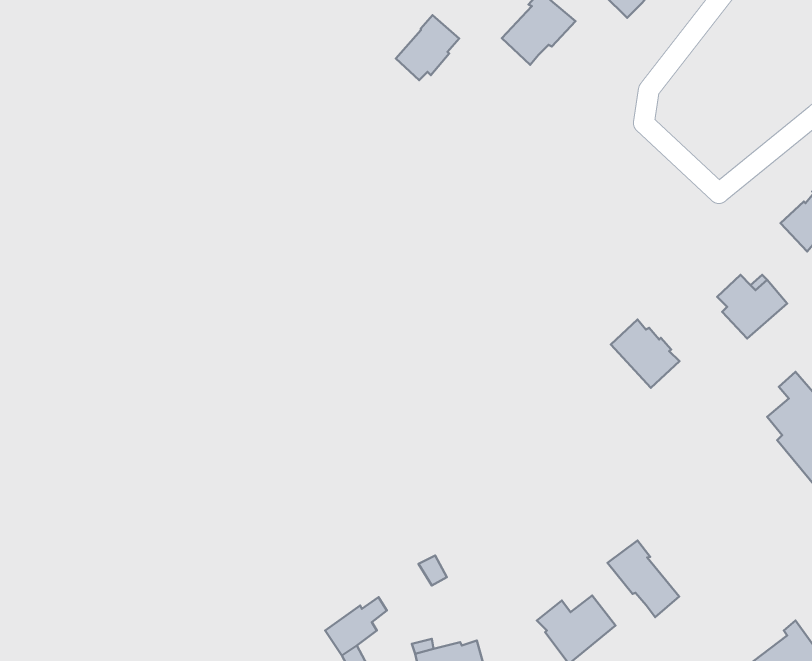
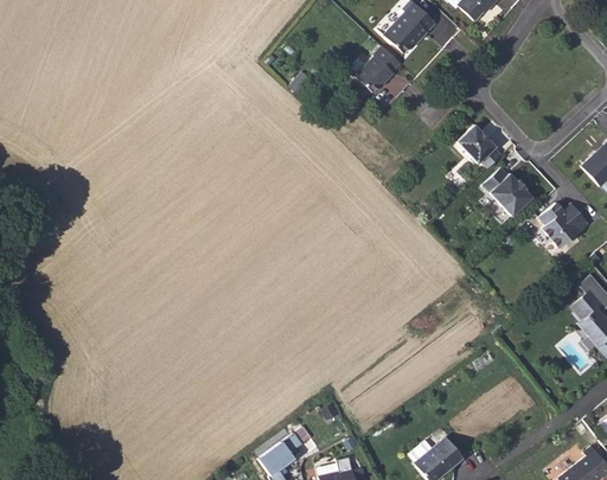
building: [396,15,459,80] -> [356,47,401,94]
building: none -> [458,124,504,169]
building: [611,319,679,388] -> [483,168,531,217]
building: [608,540,679,617] -> none

